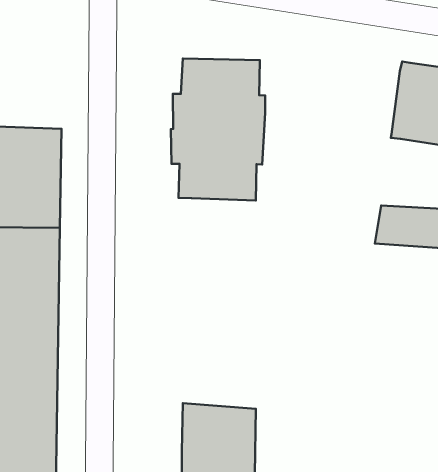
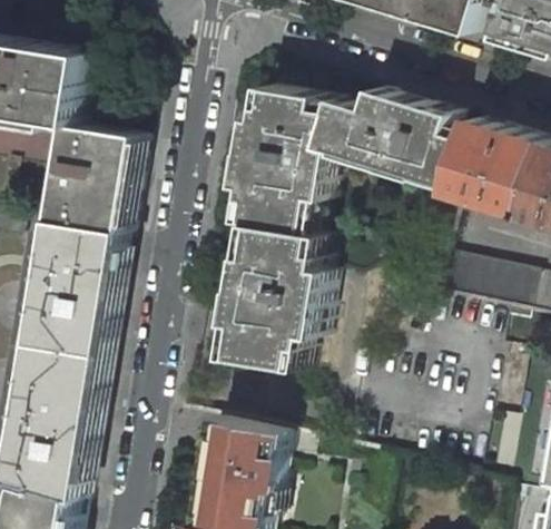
building: none -> [331,91,469,190]
building: none -> [225,224,329,372]

